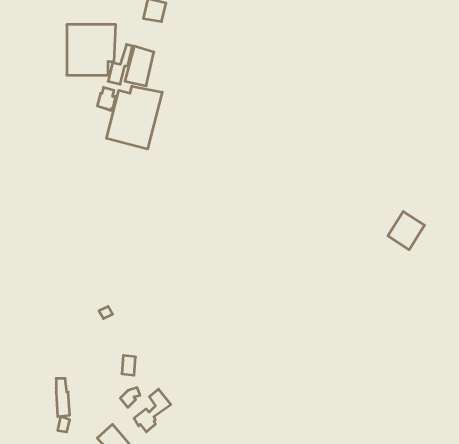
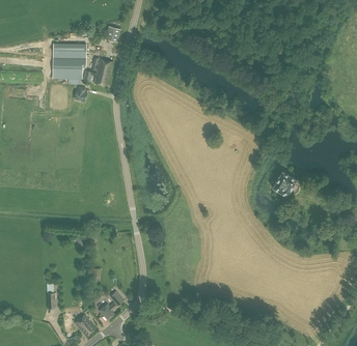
building: [106,86,162,149] -> none

